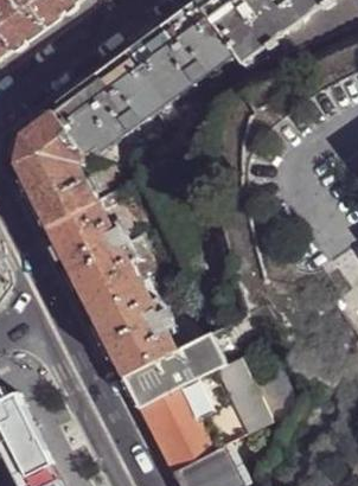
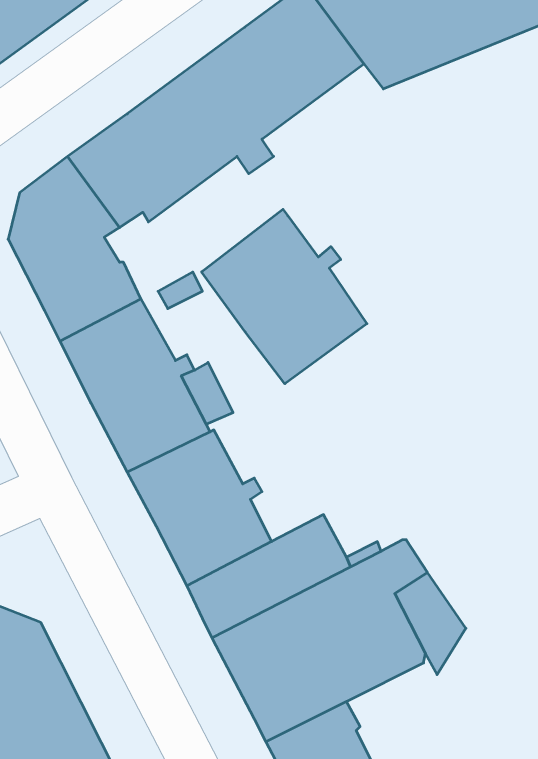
building: none -> [202,209,367,384]

